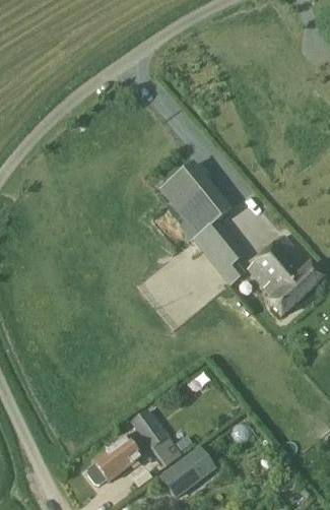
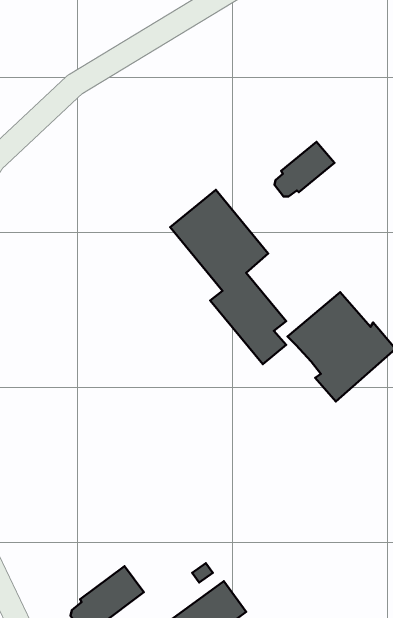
building: none -> [274,142,334,197]
building: [131,407,180,464] -> none

